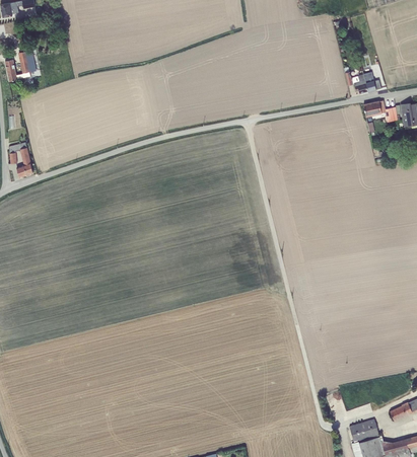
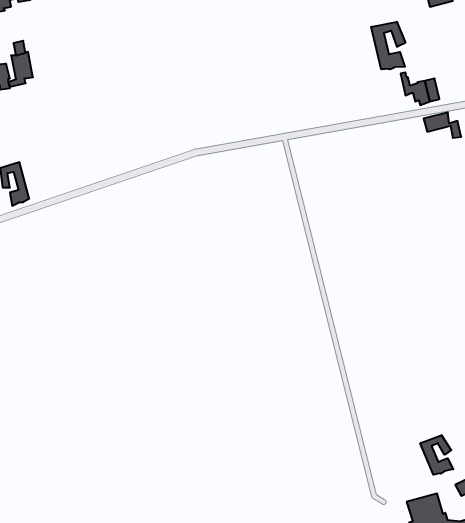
building: none -> [371,22,405,69]
building: none -> [420,435,453,475]

